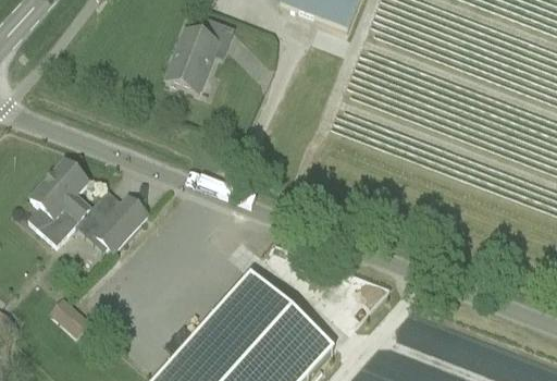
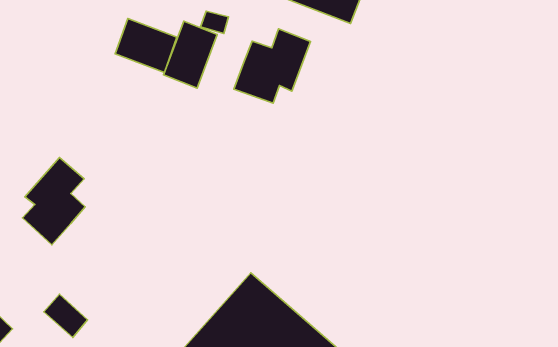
building: none -> [115,19,177,72]
building: none -> [234,29,310,103]
building: [92,193,147,248] -> none

